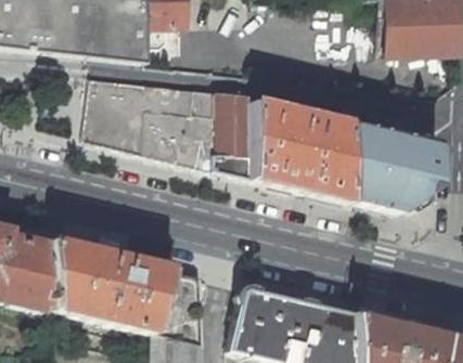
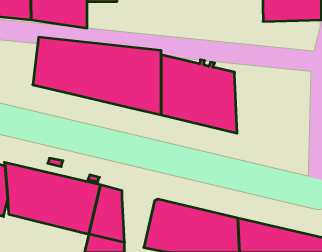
building: [346,125,435,211] -> none

